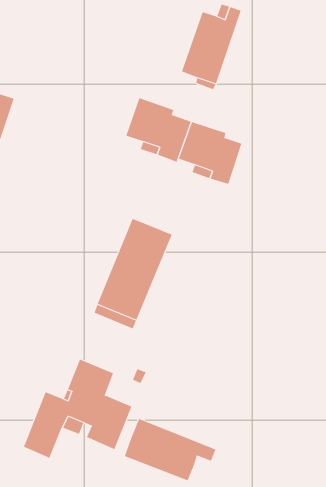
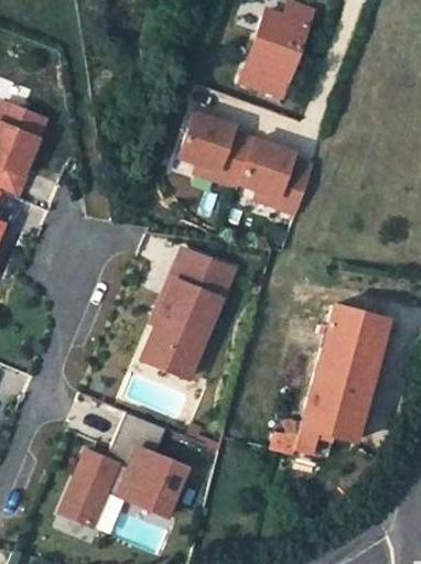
building: none -> [270,306,385,458]
building: [124,418,216,481] -> none

